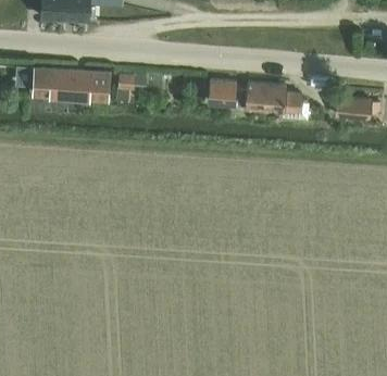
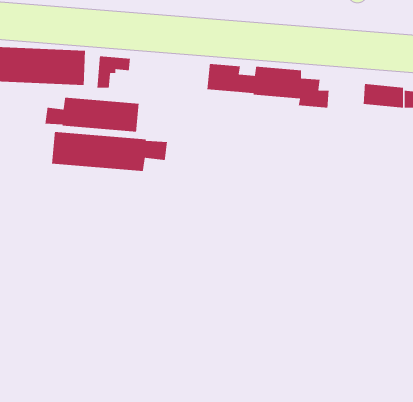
building: none -> [45,97,140,133]
building: none -> [51,131,168,172]

